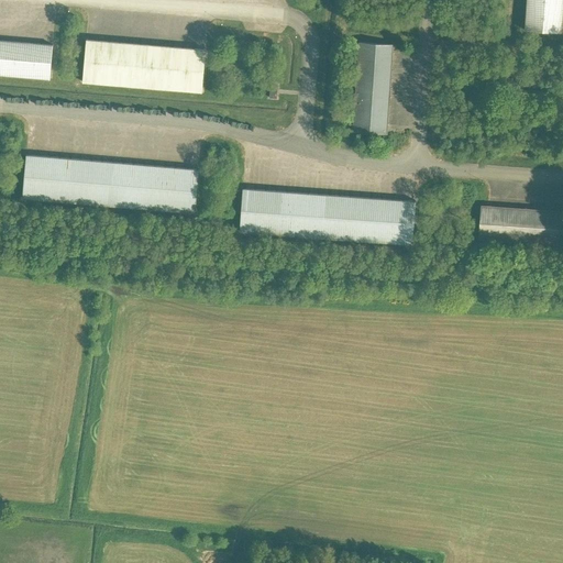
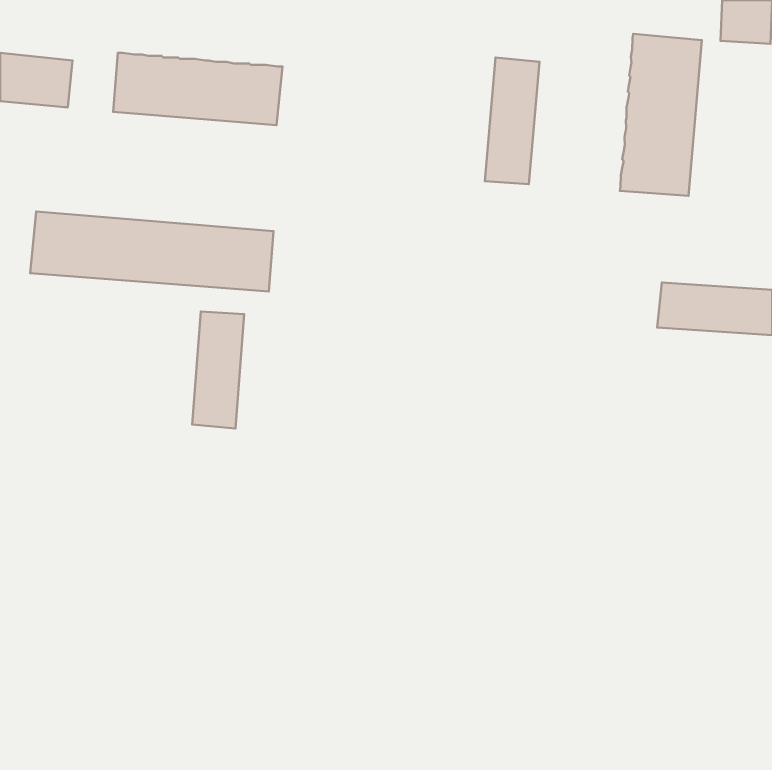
building: none -> [620,34,702,196]
building: [239,189,416,245] -> none
building: none -> [192,312,244,429]

